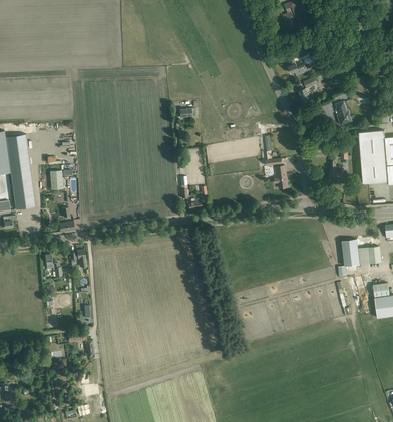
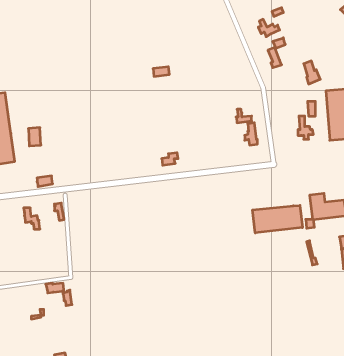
building: none -> [253,205,302,233]

